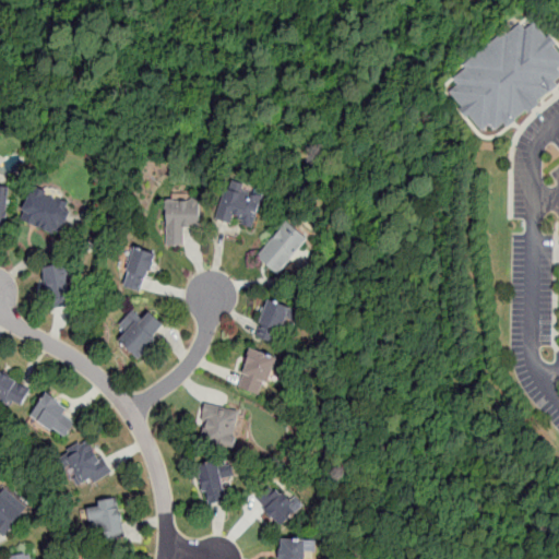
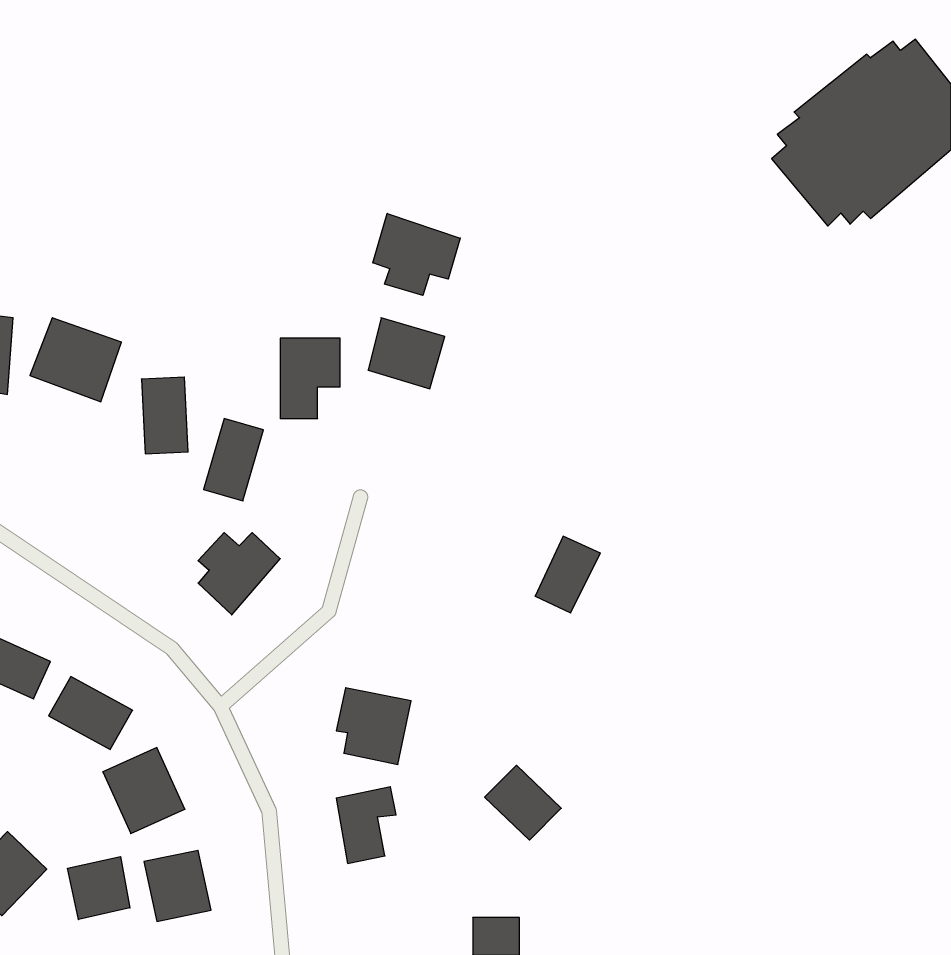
building: none -> [373,213,460,295]
building: [255,221,306,275] -> none
building: [44,263,71,308] -> [141,377,188,454]
building: [252,299,290,344] -> [535,536,600,613]
building: [236,347,275,394] -> none
building: [252,483,297,526] -> [485,765,561,840]
building: none -> [68,857,130,920]

